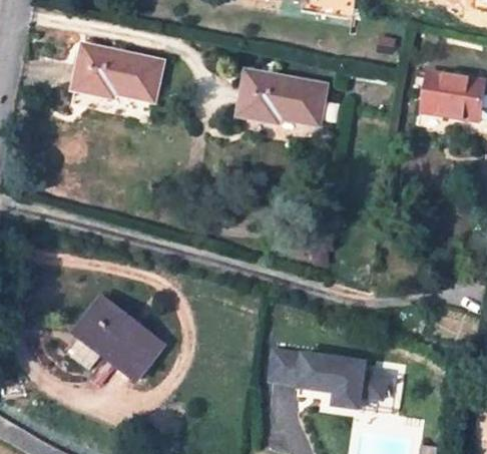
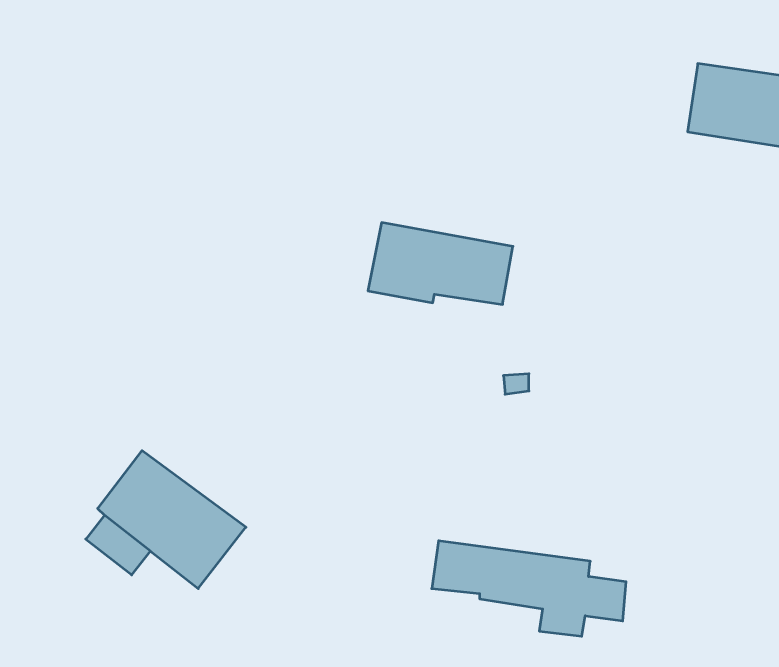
building: [72,45,157,96] -> none
building: [237,71,323,119] -> [368,223,513,304]

